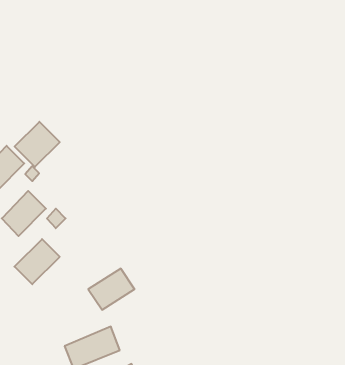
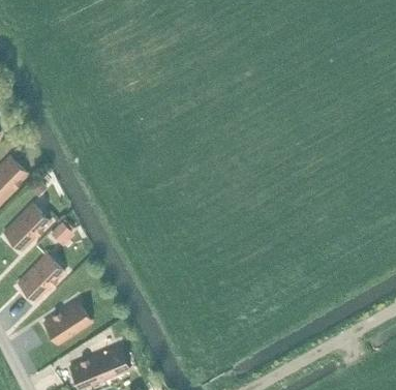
building: [15,122,60,167] -> none
building: [88,269,135,310] -> [42,300,91,343]

